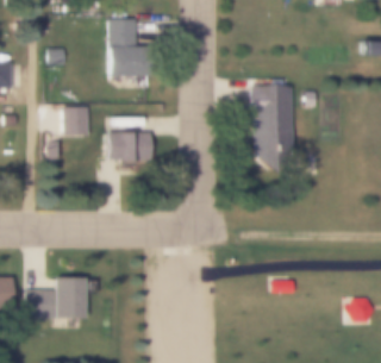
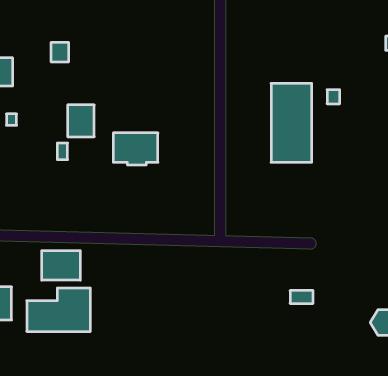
building: [110,19,139,74] -> none
building: none -> [42,251,80,280]

